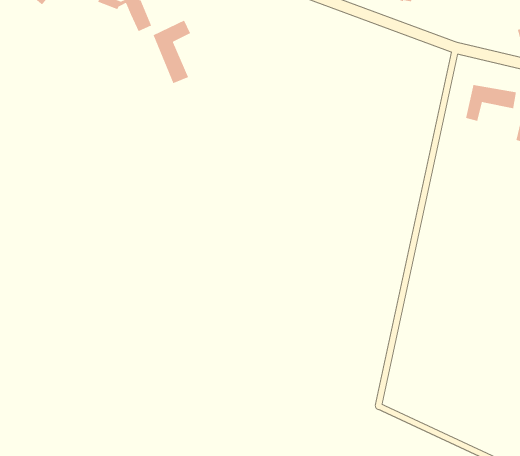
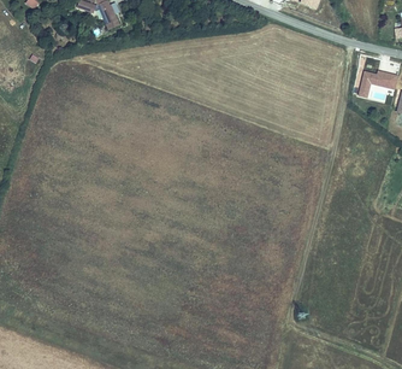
building: [152,19,191,84] -> none

